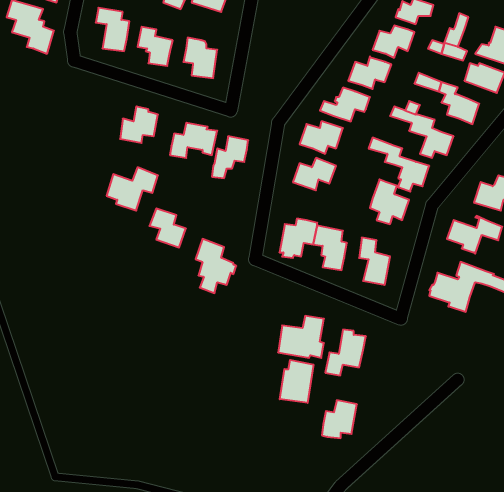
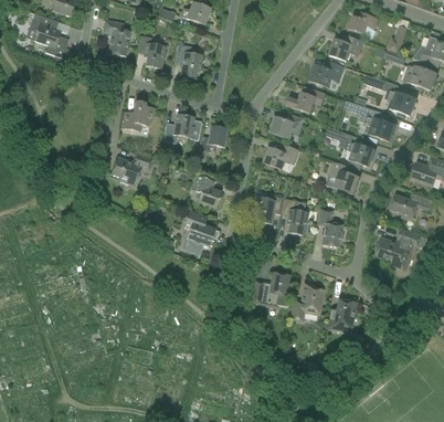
building: [149,208,186,248] -> [191,175,221,207]
building: [280,360,313,403] -> none
building: [322,400,357,438] -> [326,298,355,329]

